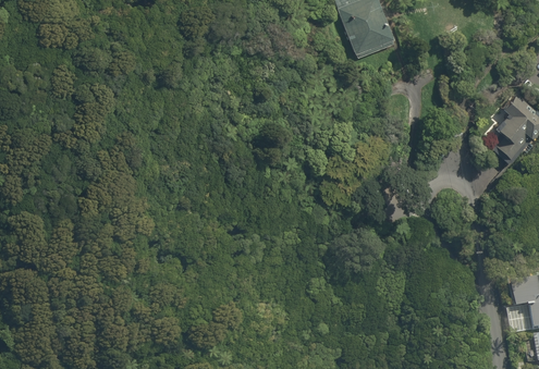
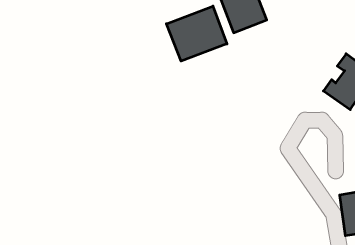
building: none -> [166,6,227,61]

